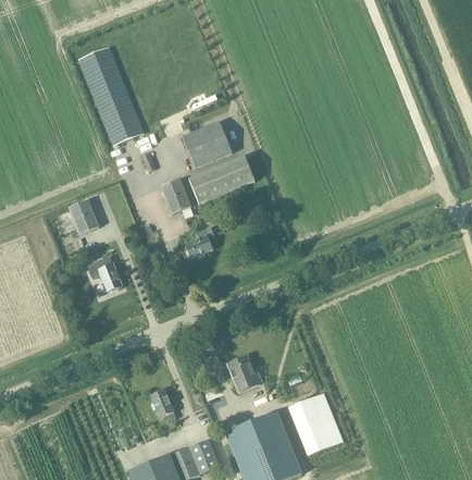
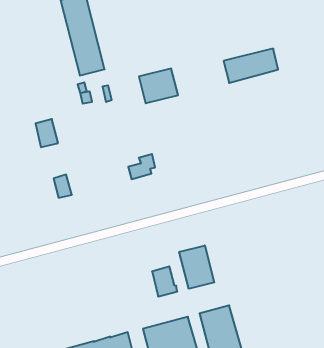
building: [188,157,253,204] -> [224,49,278,83]
building: [160,179,190,213] -> none
building: none -> [179,245,214,289]
building: [150,389,175,420] -> none

